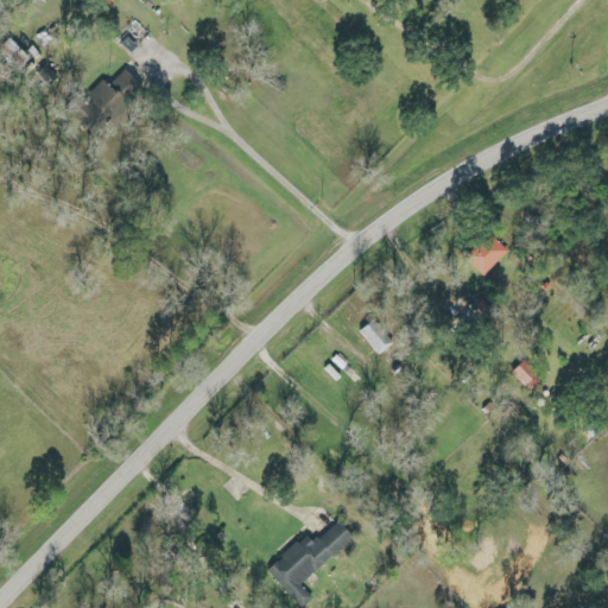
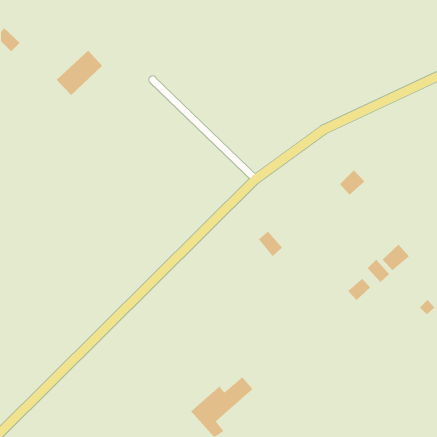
building: none -> [382,244,410,271]
building: none -> [347,278,371,301]

